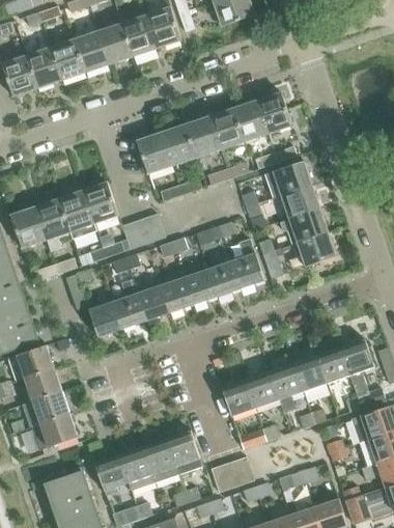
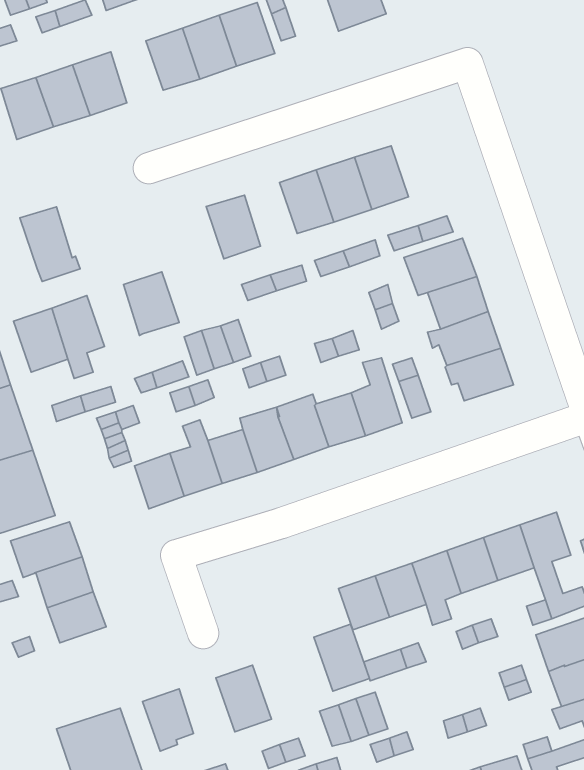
building: [74,32,108,73] -> none
building: [256,92,291,134] -> none
building: [161,124,195,166] -> none
building: [58,191,97,240] -> [20,207,80,282]
building: [31,414,78,450] -> none
building: [166,430,202,474] -> [314,624,369,691]
building: [118,447,154,491] -> none

